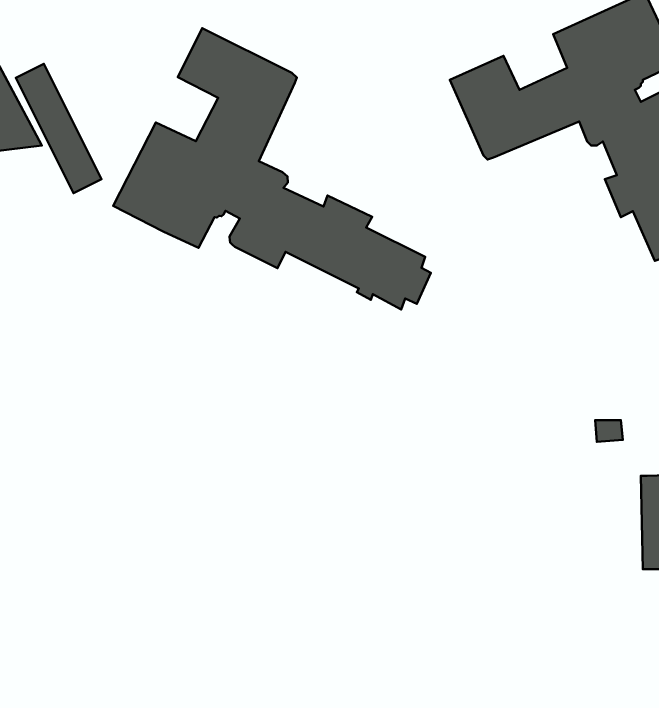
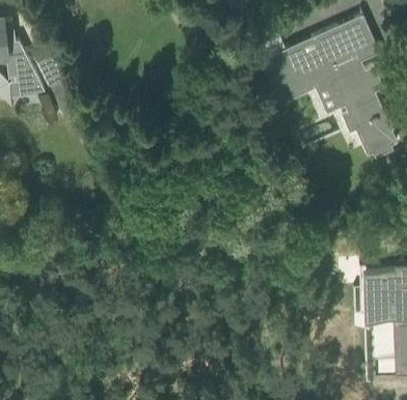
building: [113,28,431,310] -> none

